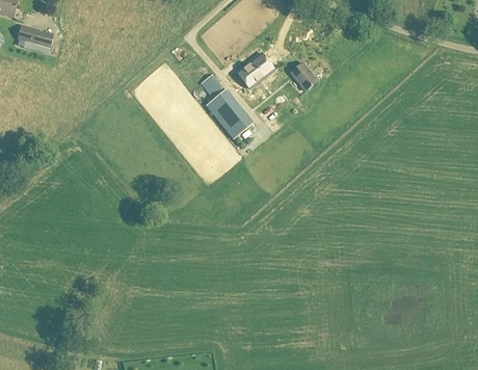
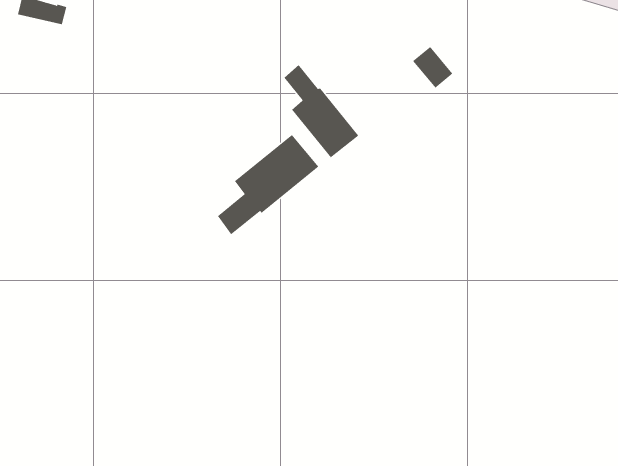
building: [236,52,273,87] -> none
building: none -> [217,134,319,235]

